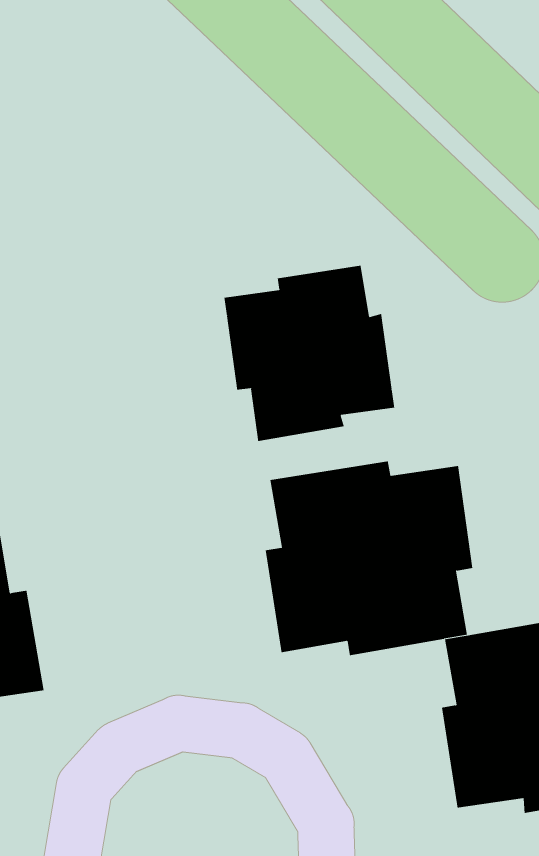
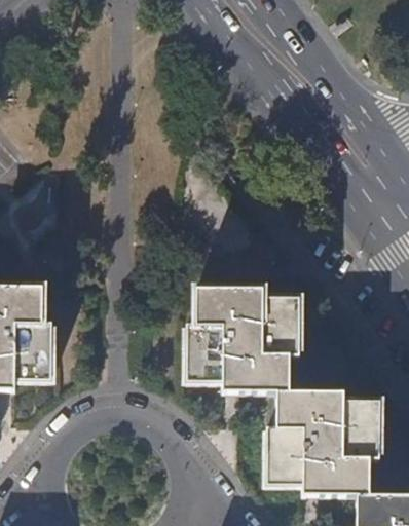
building: [224,265,395,442] -> none

